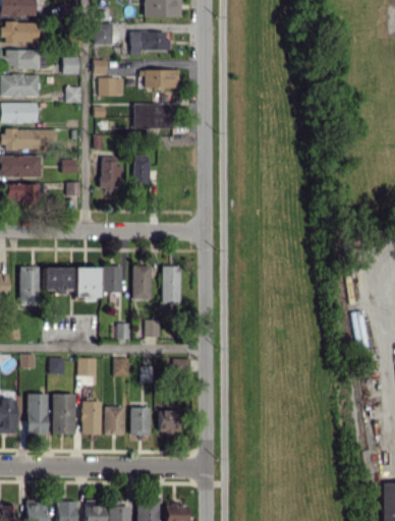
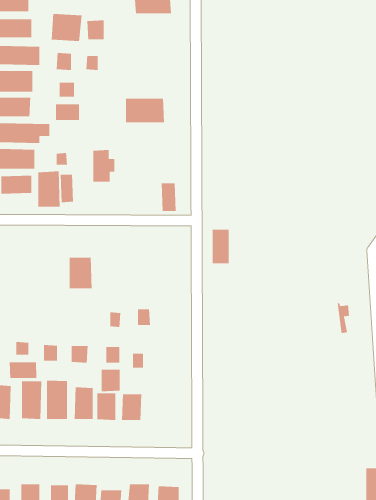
building: none -> [51,13,82,42]
building: [131,31,169,55] -> none
building: [144,69,179,88] -> none
building: [99,77,124,95] -> [55,104,80,121]
building: [134,155,151,184] -> [161,183,177,212]
building: none -> [38,171,60,207]
building: [103,265,122,292] -> none
building: [133,265,152,299] -> none
building: [20,266,40,305] -> none
building: [163,266,181,301] -> [212,229,229,264]
building: [44,267,72,293] -> none
building: none -> [9,361,37,379]
building: [160,410,180,433] -> [101,369,121,392]

